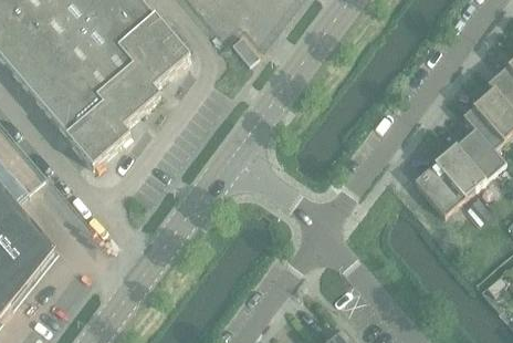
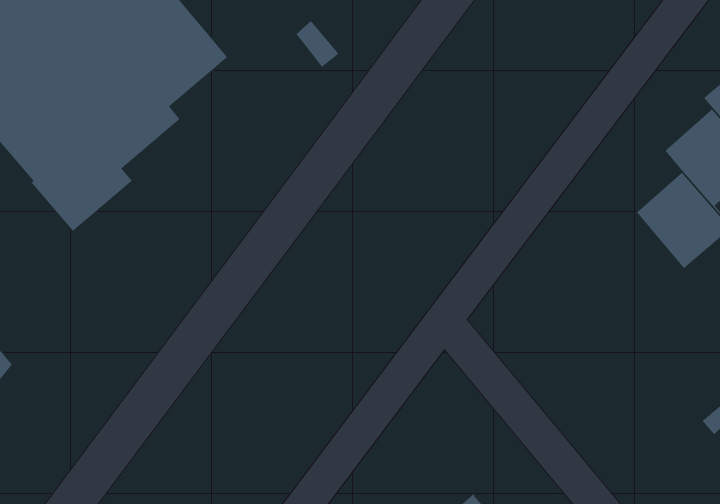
building: [413,155,474,217] -> none

